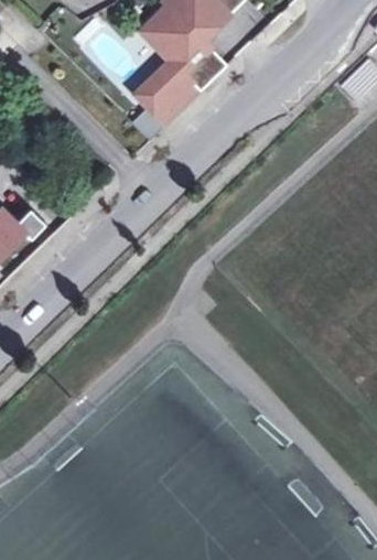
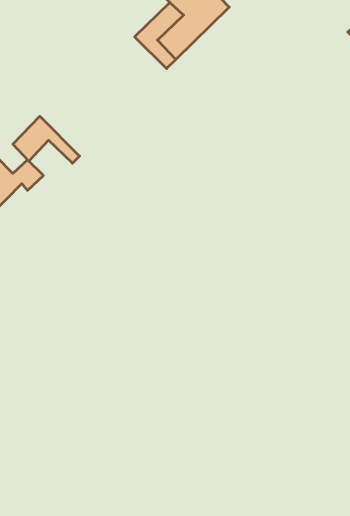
building: none -> [13,116,80,163]

